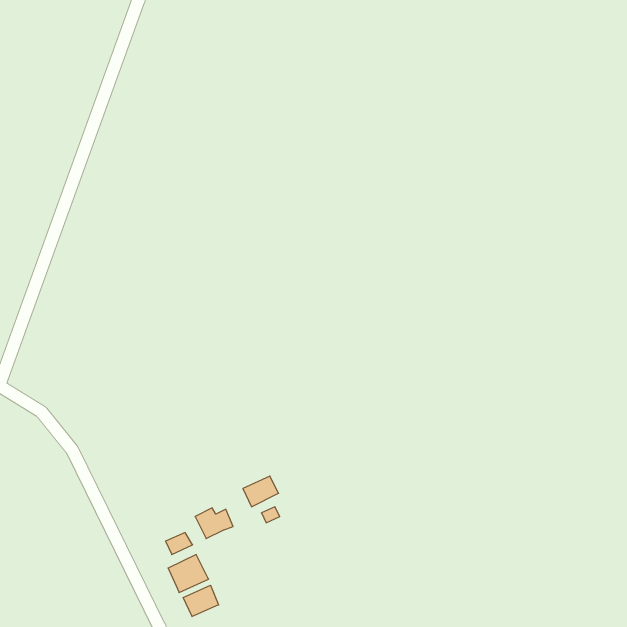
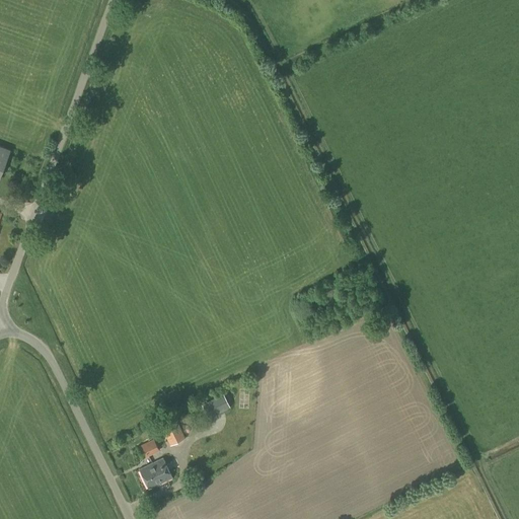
building: [183,585,219,617] -> none

